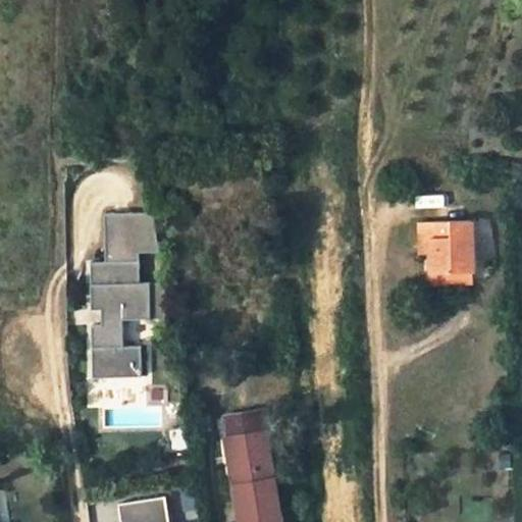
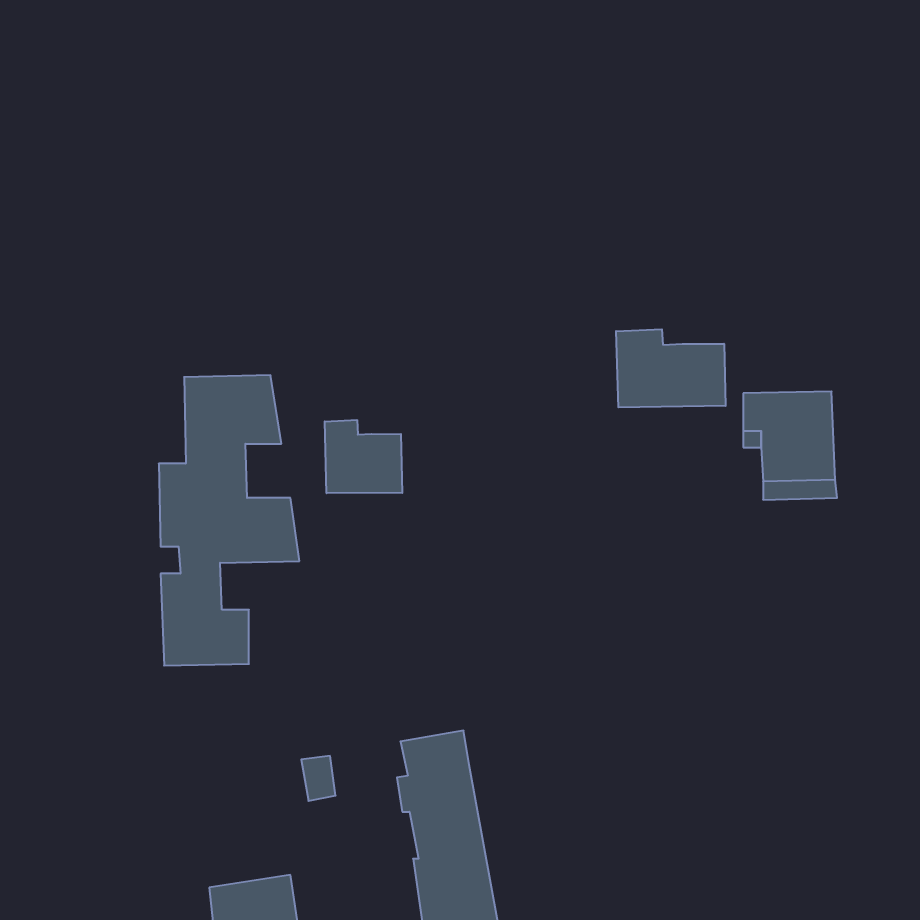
building: none -> [616,329,726,407]
building: none -> [325,420,402,493]

